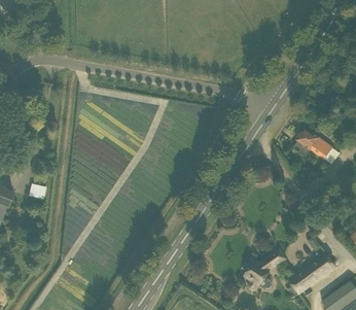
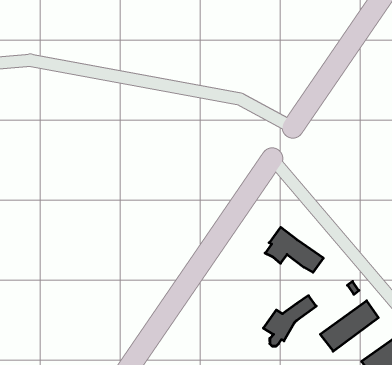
building: [292,127,339,163] -> [265,227,323,272]

